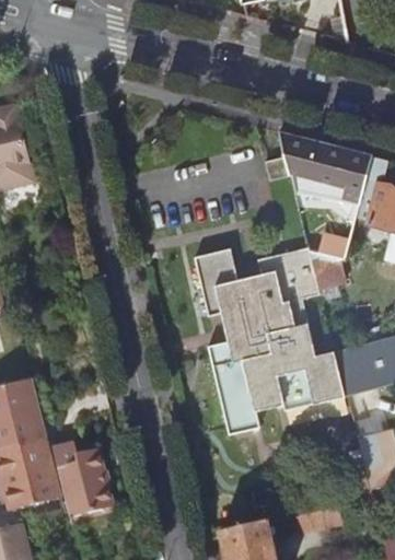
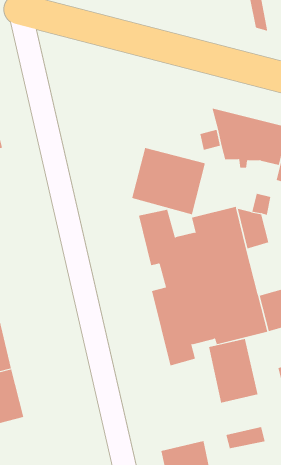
building: none -> [131,147,205,215]
building: none -> [209,338,258,403]
building: [54,440,113,514] -> none

